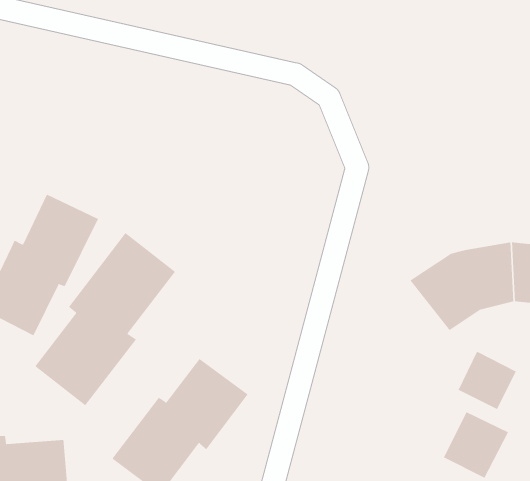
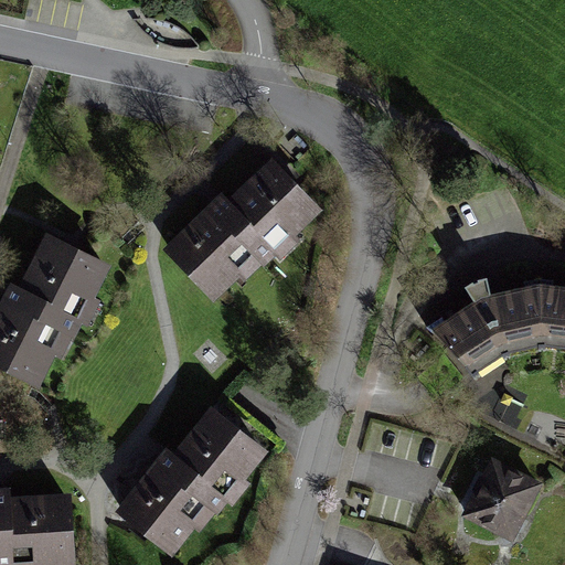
building: none -> [169,160,319,295]
building: [35,232,176,406] -> none
building: [458,351,516,410] -> none

